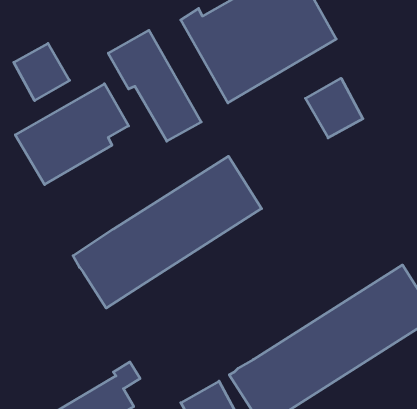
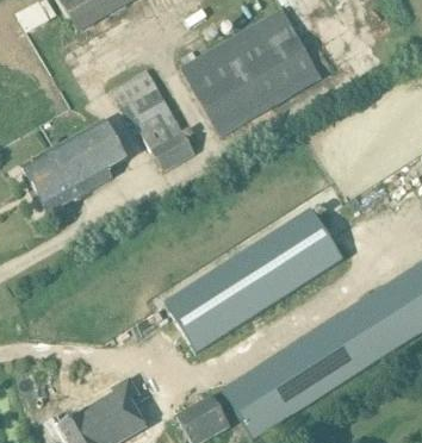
building: [14,43,70,101] -> none
building: [305,78,363,138] -> none
building: [73,156,262,308] -> [166,208,342,350]

